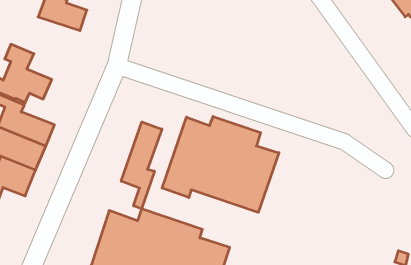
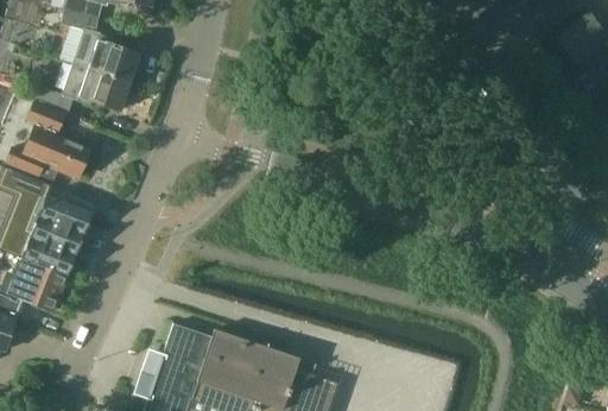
building: none -> [34,63,129,113]
building: [162,116,279,212] -> none
building: [121,122,162,209] -> none

